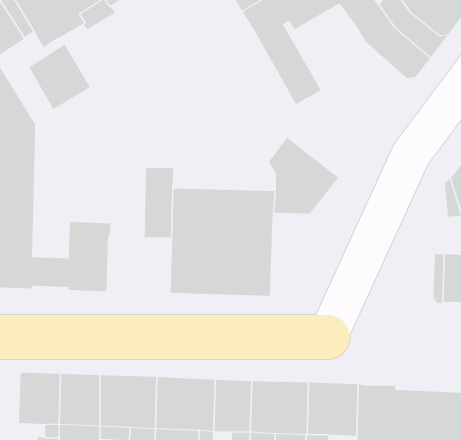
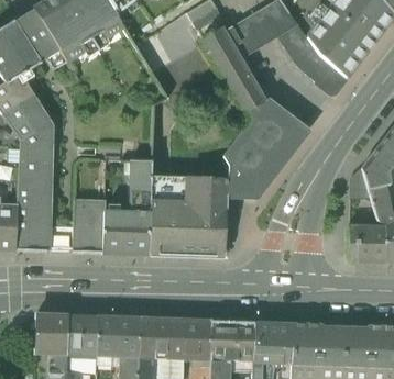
building: [29,44,91,110] -> none
building: none -> [239,99,306,166]
building: none -> [103,210,152,253]

